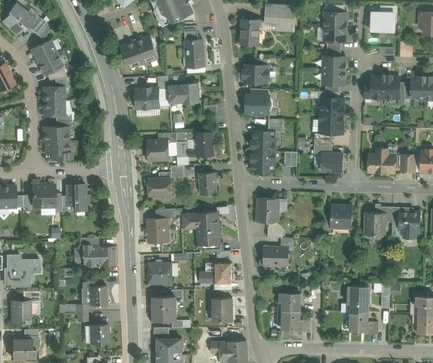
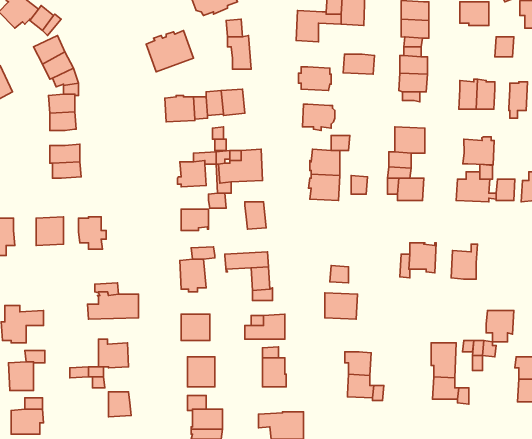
building: [319,97,344,113] -> [343,54,374,74]
building: none -> [463,137,494,165]
building: [256,198,278,221] -> none
building: [398,211,420,236] -> [486,310,514,342]

